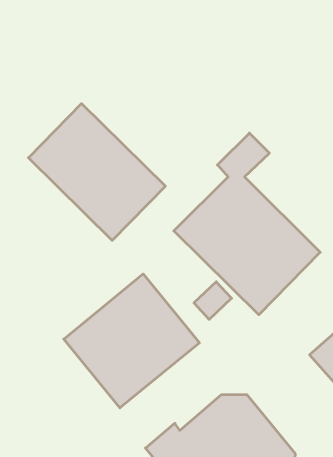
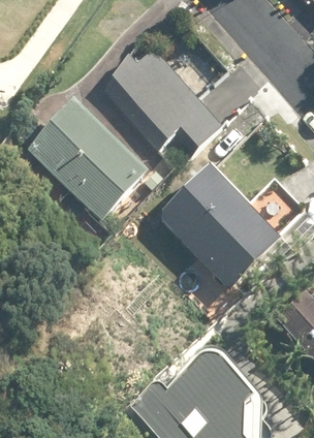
building: none -> [100,45,224,154]
building: [64,274,199,408] -> none

